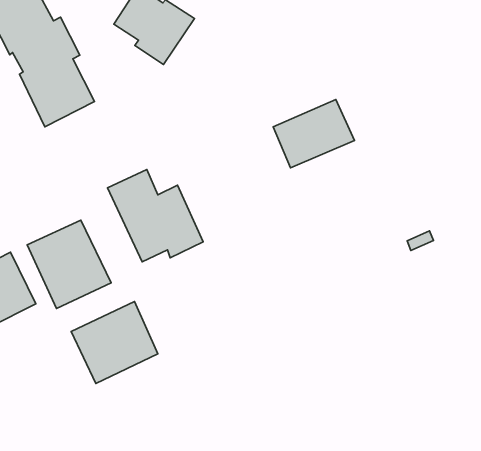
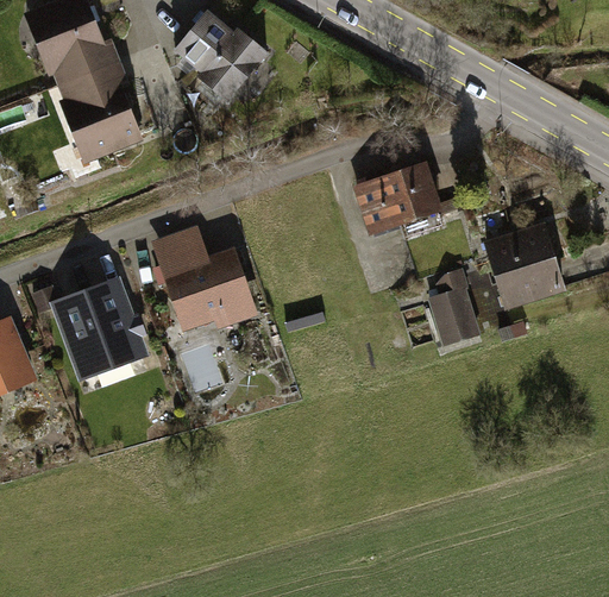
building: none -> [482,225,561,308]
building: none -> [425,265,478,348]
building: [71,302,158,383] -> none

